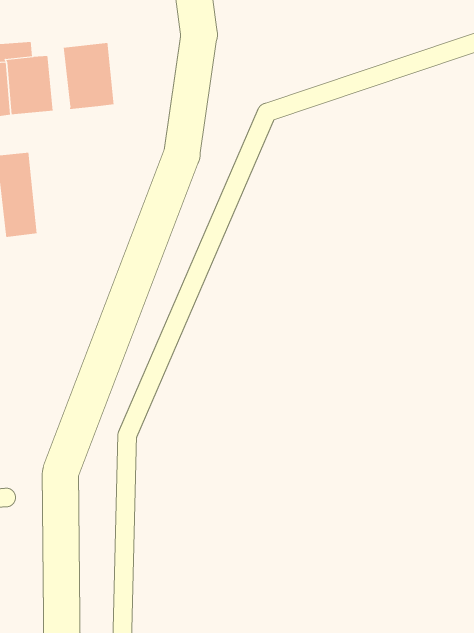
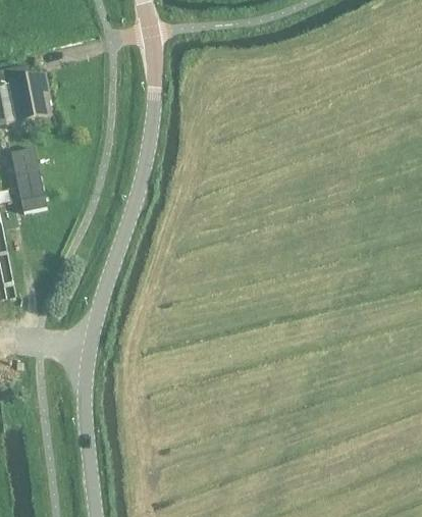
building: [63,42,114,110] -> none

